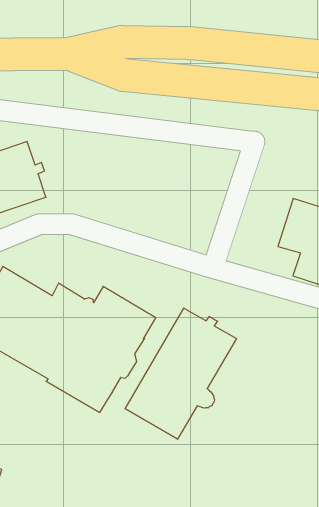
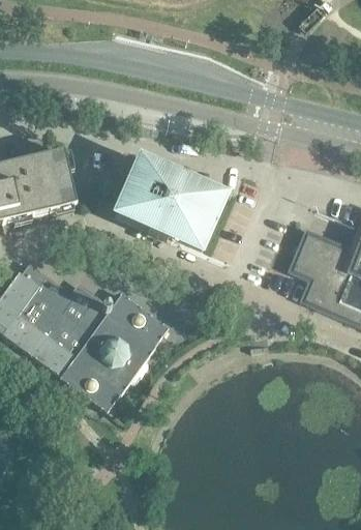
building: none -> [116,159,223,247]
building: [125,308,236,439] -> none

